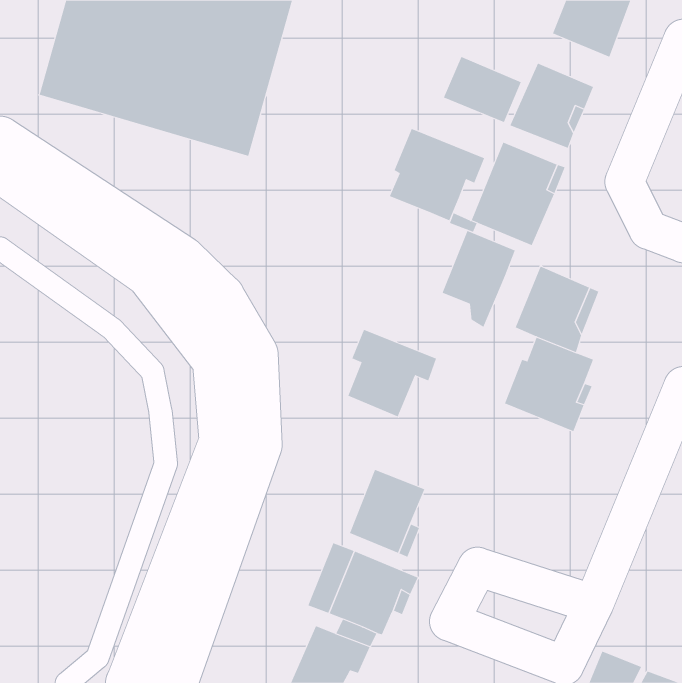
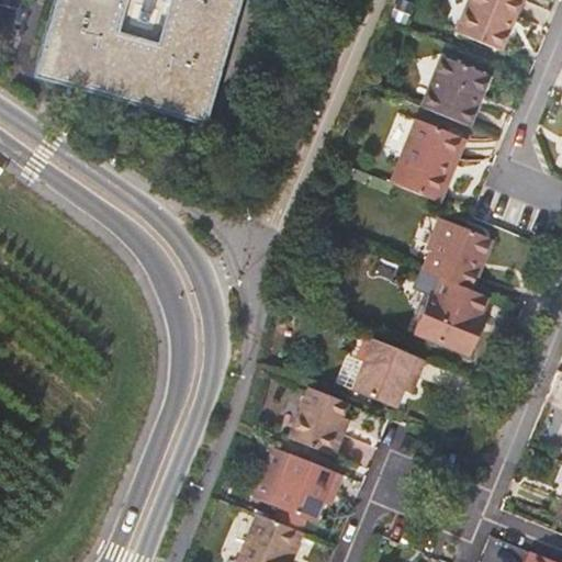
building: [443,56,521,123] -> none
building: [389,128,485,221] -> none
building: [442,230,516,328] -> none
building: [347,329,437,417] -> [353,335,427,407]

